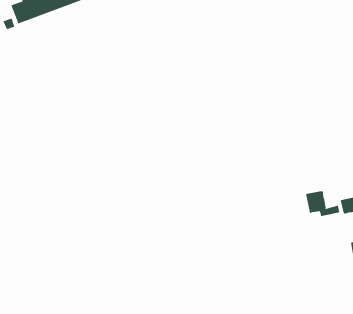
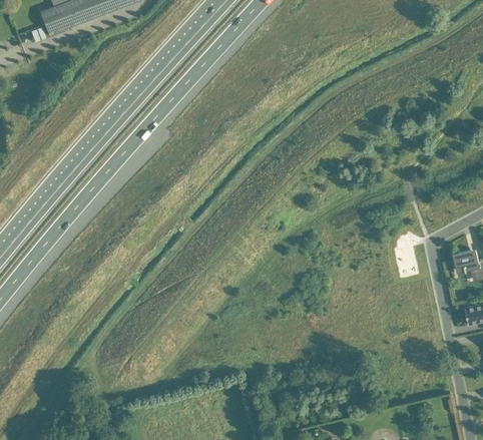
building: [305,191,340,217] -> none

